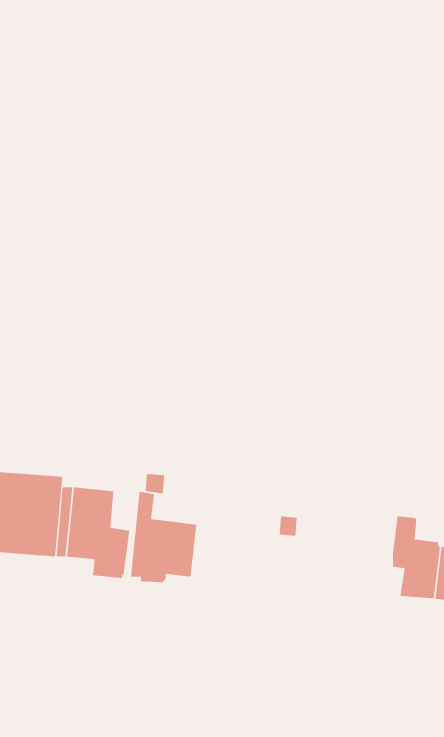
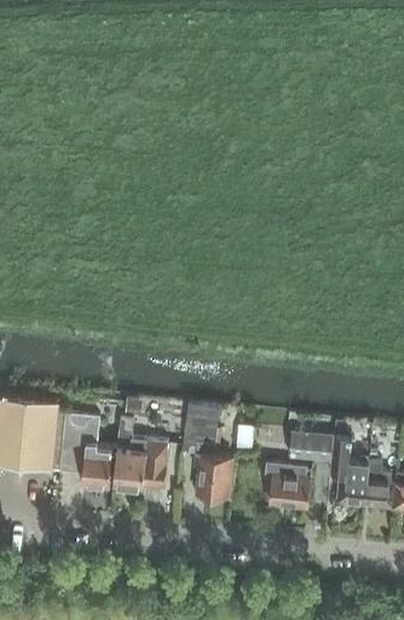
building: none -> [181,403,231,499]
building: none -> [289,431,333,461]
building: none -> [265,461,311,507]

